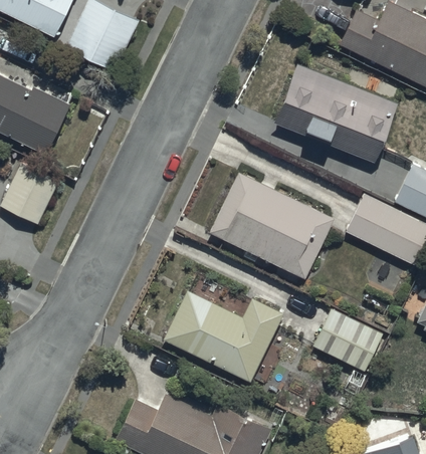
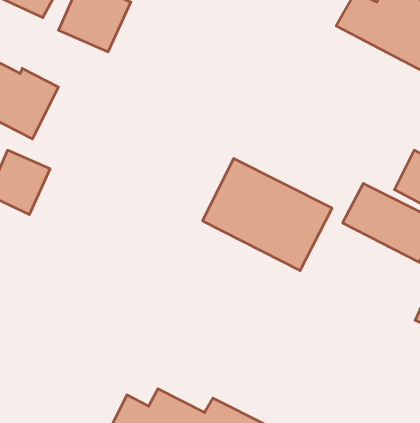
building: [274,64,399,164] -> none
building: [164,289,285,383] -> none
building: [312,309,385,375] -> none

